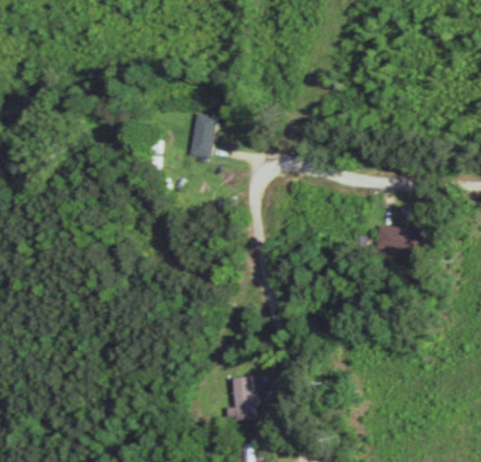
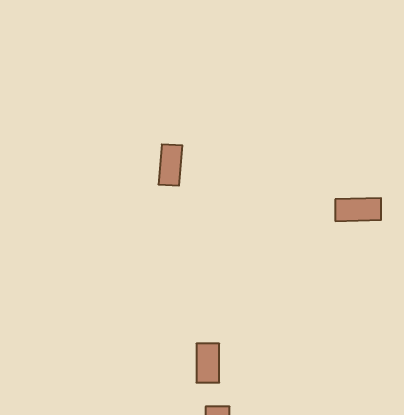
building: [190,115,215,158] -> [158,144,182,186]

